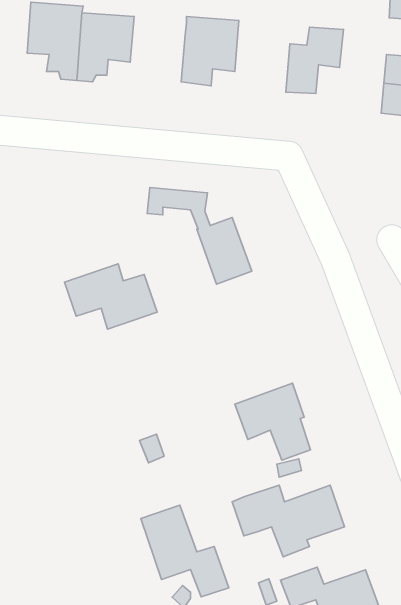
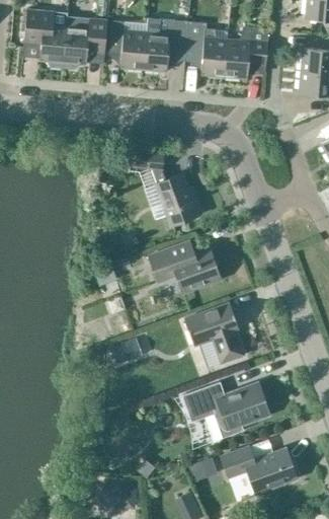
building: none -> [109,20,147,69]
building: none -> [185,21,228,77]
building: [64,264,157,329] -> [149,241,221,292]
building: [141,505,229,597] -> none

